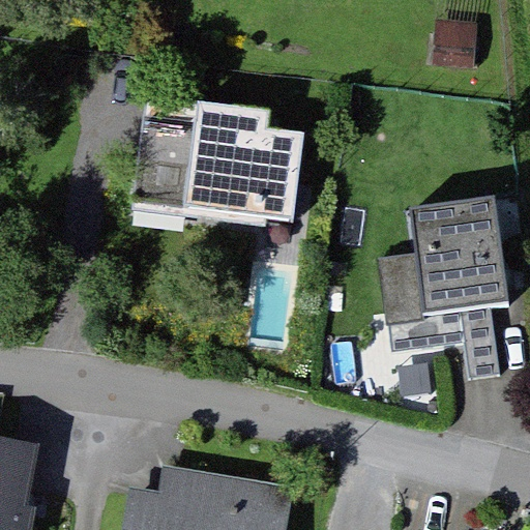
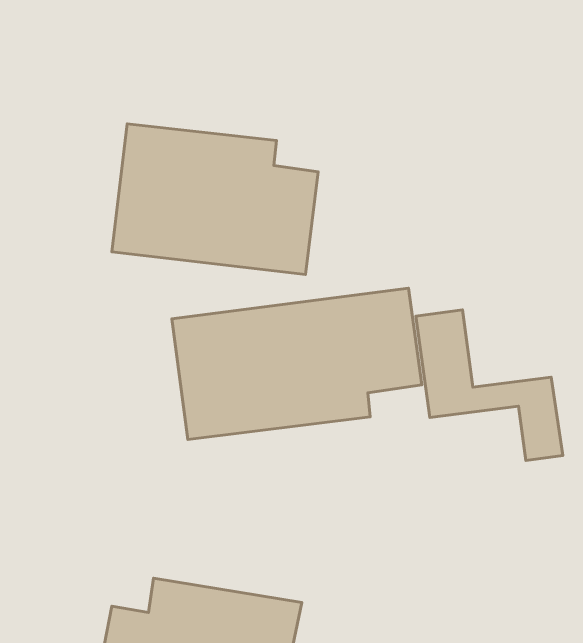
building: [414,202,510,317] -> none
building: none -> [172,288,422,440]

